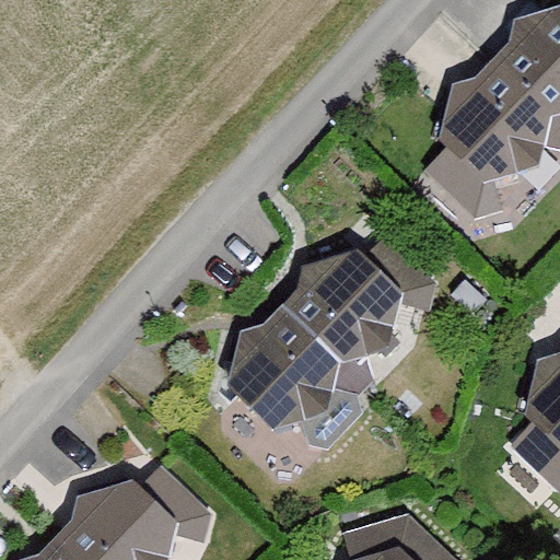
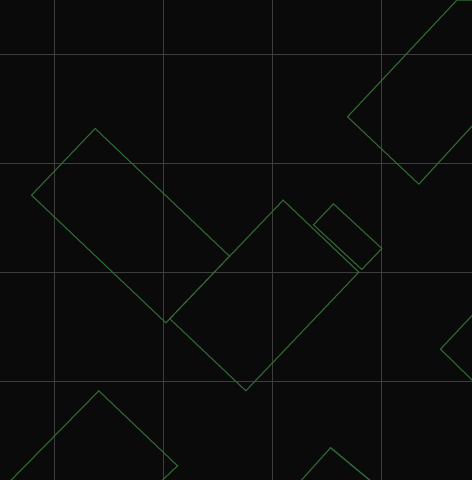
building: none -> [32,129,229,323]

